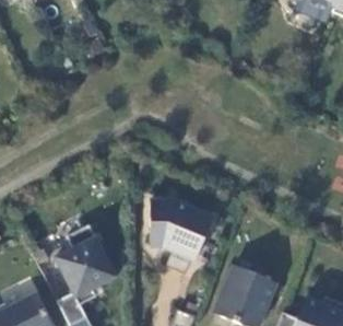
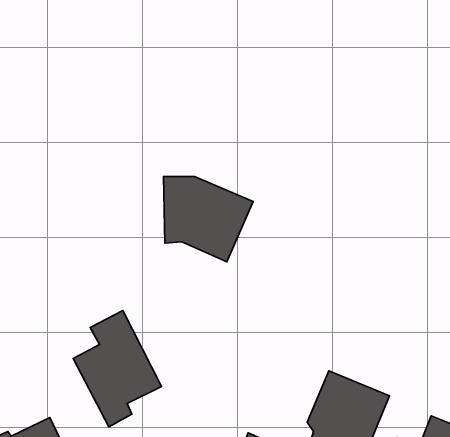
building: [150,198,213,258] -> [163,177,253,262]

